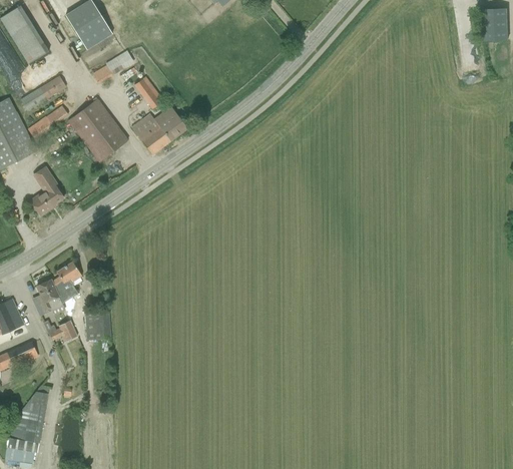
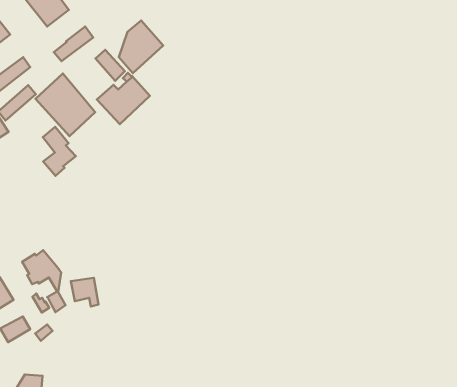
building: none -> [119,21,163,73]
building: [29,166,63,216] -> [43,127,76,176]
building: [56,262,81,297] -> none

